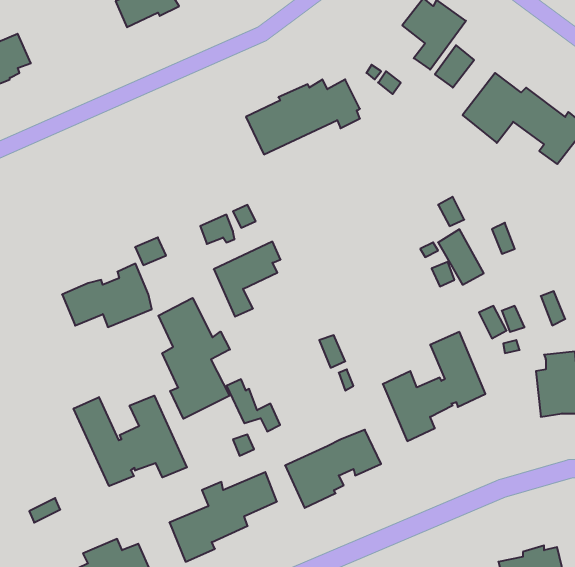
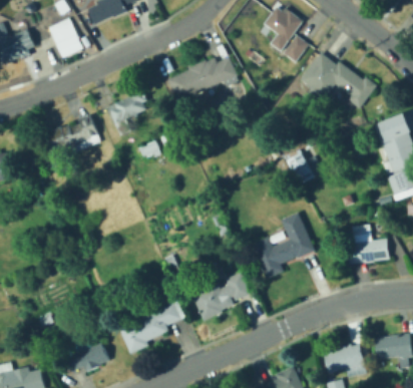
building: none -> [48,17,83,57]
building: [214,242,281,317] -> [107,89,148,135]
building: [62,264,152,327] -> [45,114,100,153]
building: [158,298,230,419] -> none
building: [74,396,187,486] -> none

